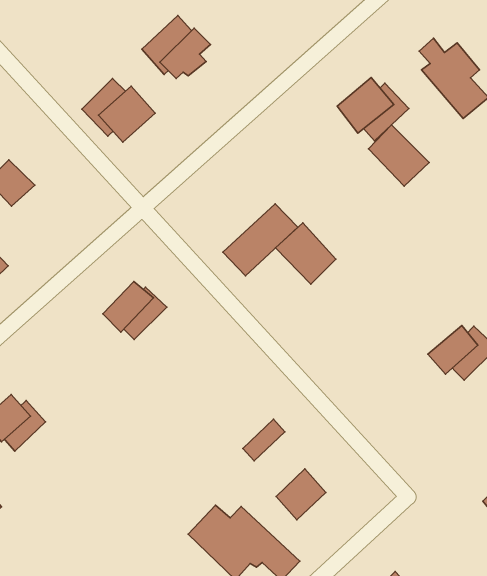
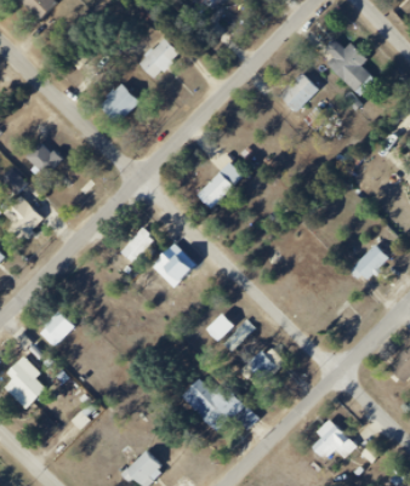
building: [369,125,429,186] -> none
building: [276,223,336,284] -> none
building: none -> [152,242,192,287]

